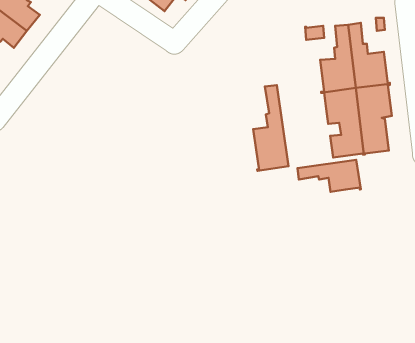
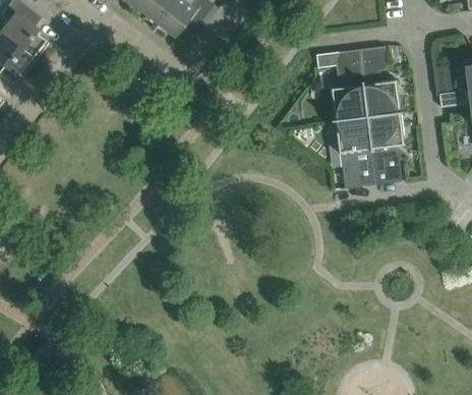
building: [253,85,288,171] -> none
building: [297,160,361,192] -> none

